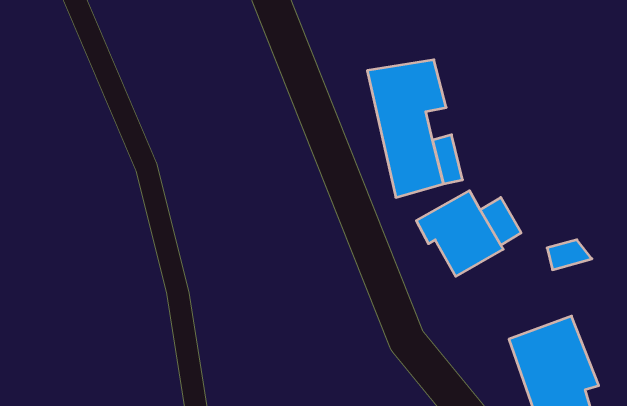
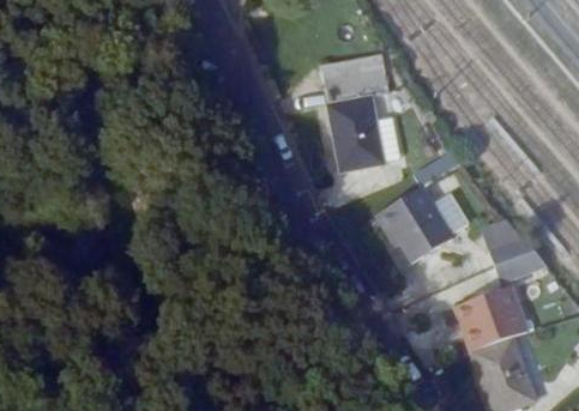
building: none -> [489,238,548,283]

